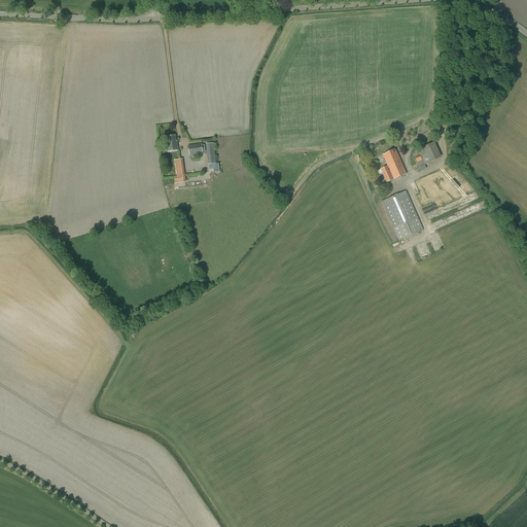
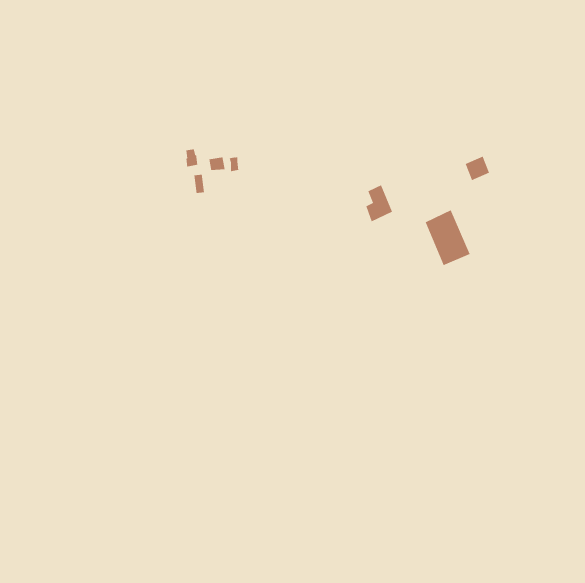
building: [381,147,406,181] -> [365,184,393,222]

